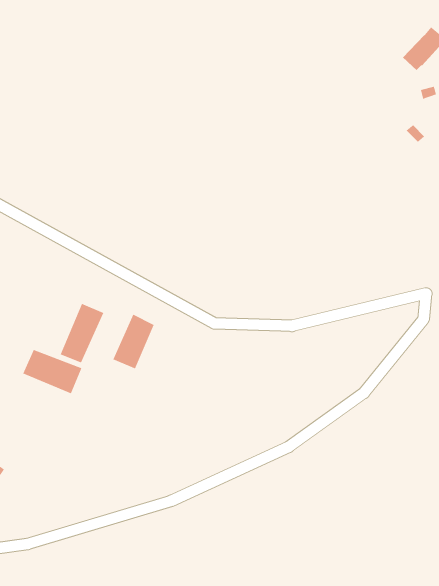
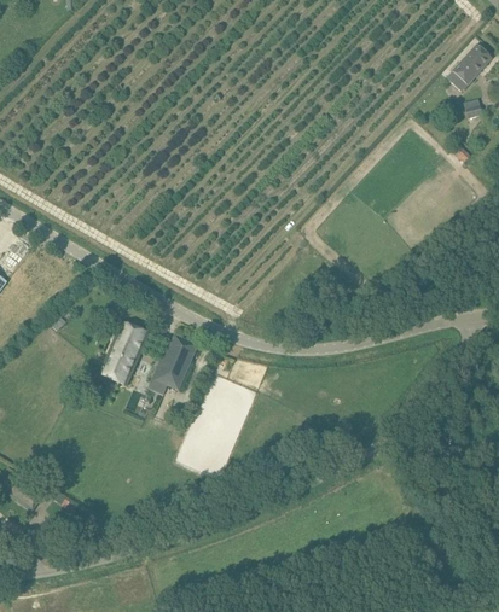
building: [22,349,82,394] -> none

